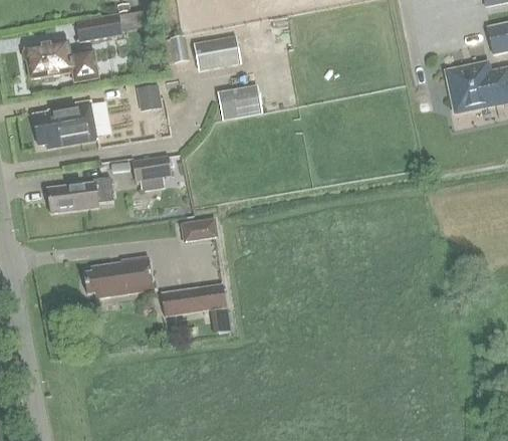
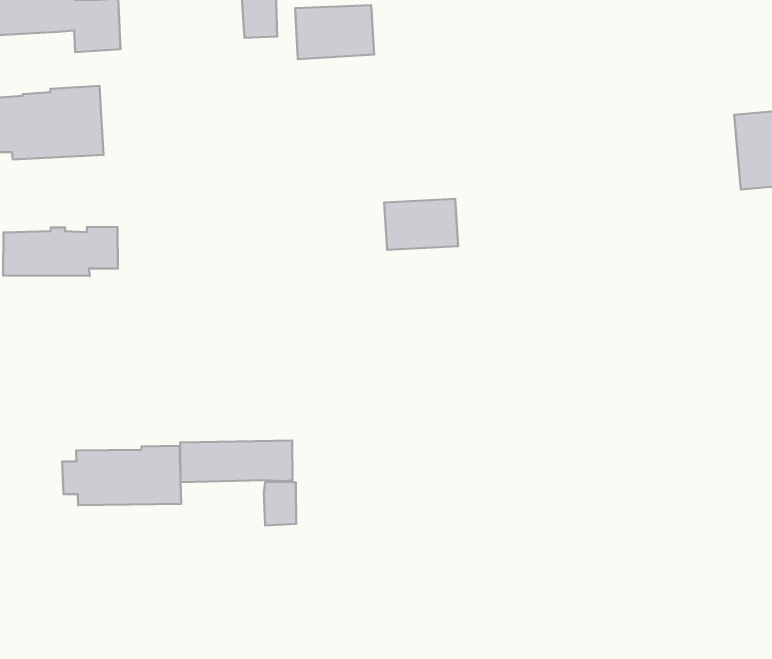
building: [137,83,162,111] -> none
building: [218,85,262,119] -> [384,199,458,250]
building: [132,155,171,180] -> none
building: [181,217,218,242] -> none
building: [84,256,154,296] -> [62,446,181,505]

